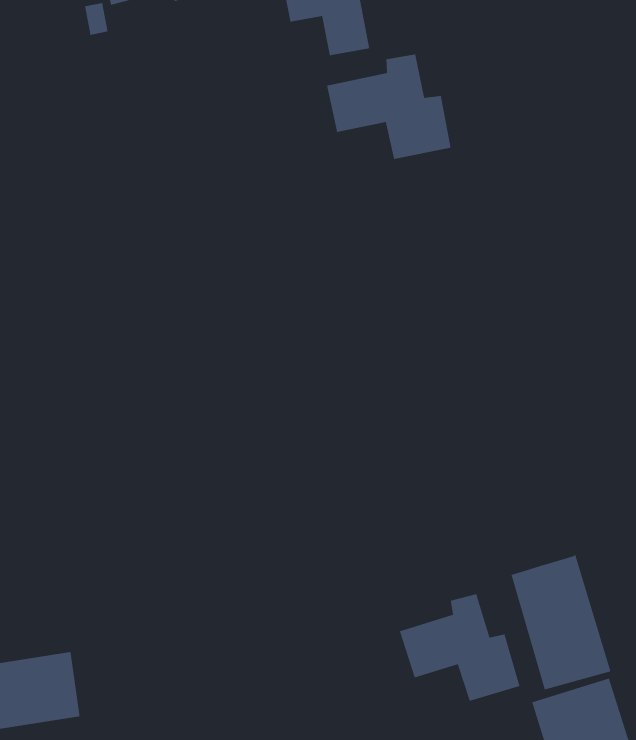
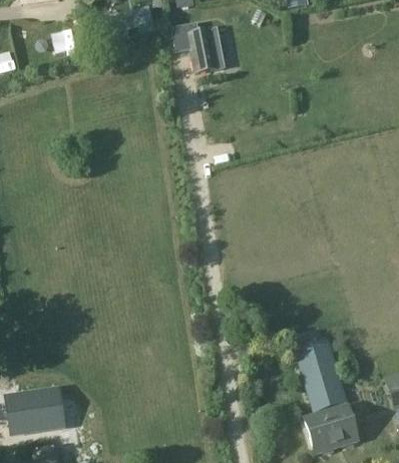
building: [326,53,452,160] -> none
building: [399,593,521,702] -> none

